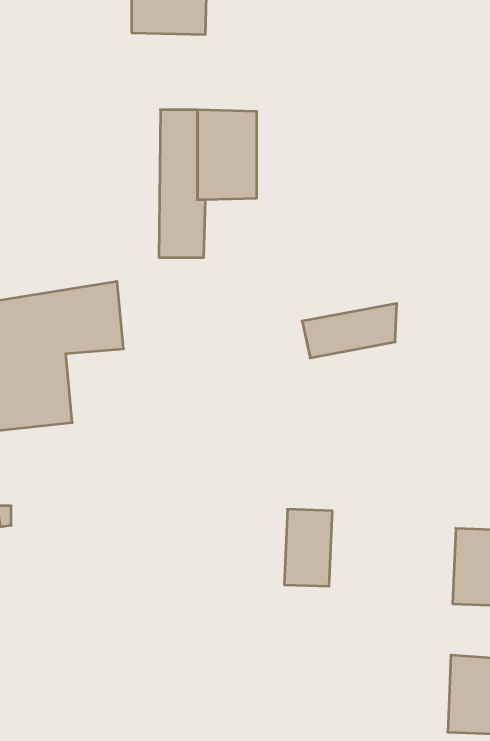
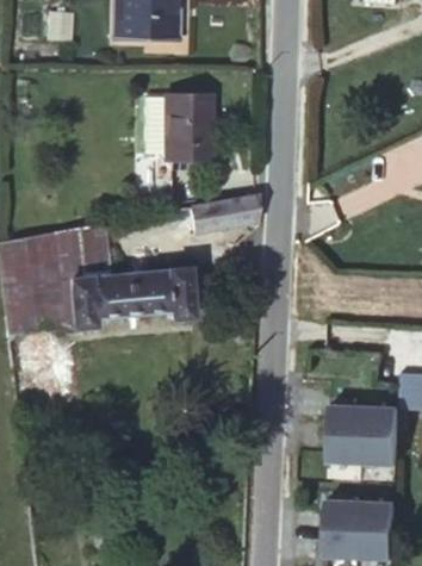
building: [302,303,397,358] -> [191,195,261,236]
building: none -> [70,266,198,329]
building: [284,509,332,586] -> [324,405,360,462]
building: none -> [321,499,356,558]

